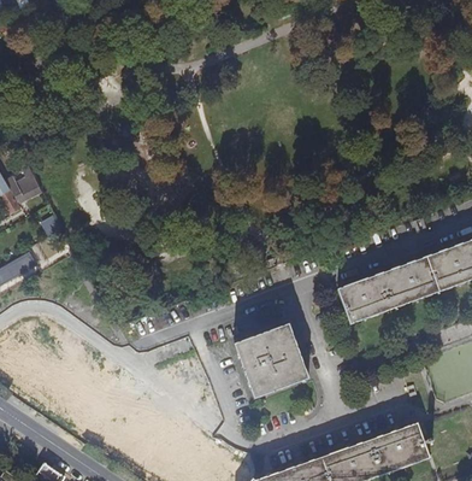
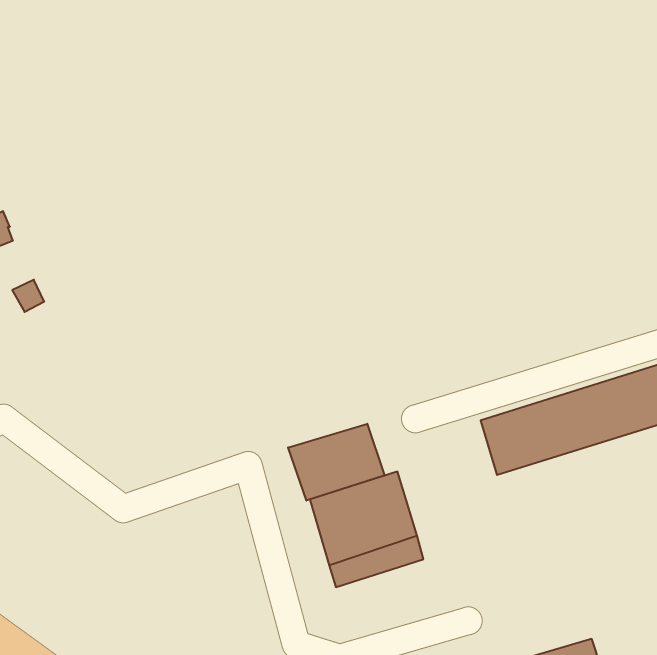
building: none -> [288,424,385,501]

